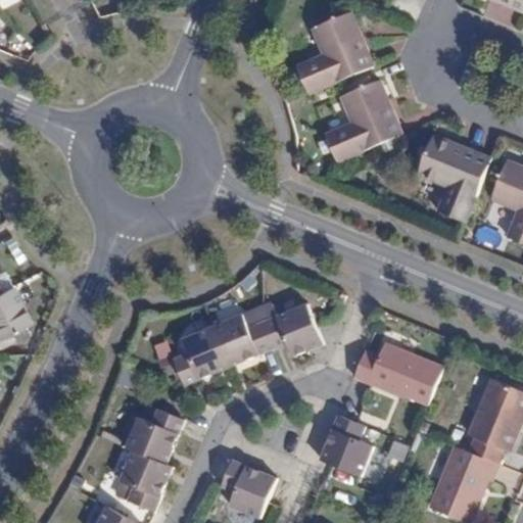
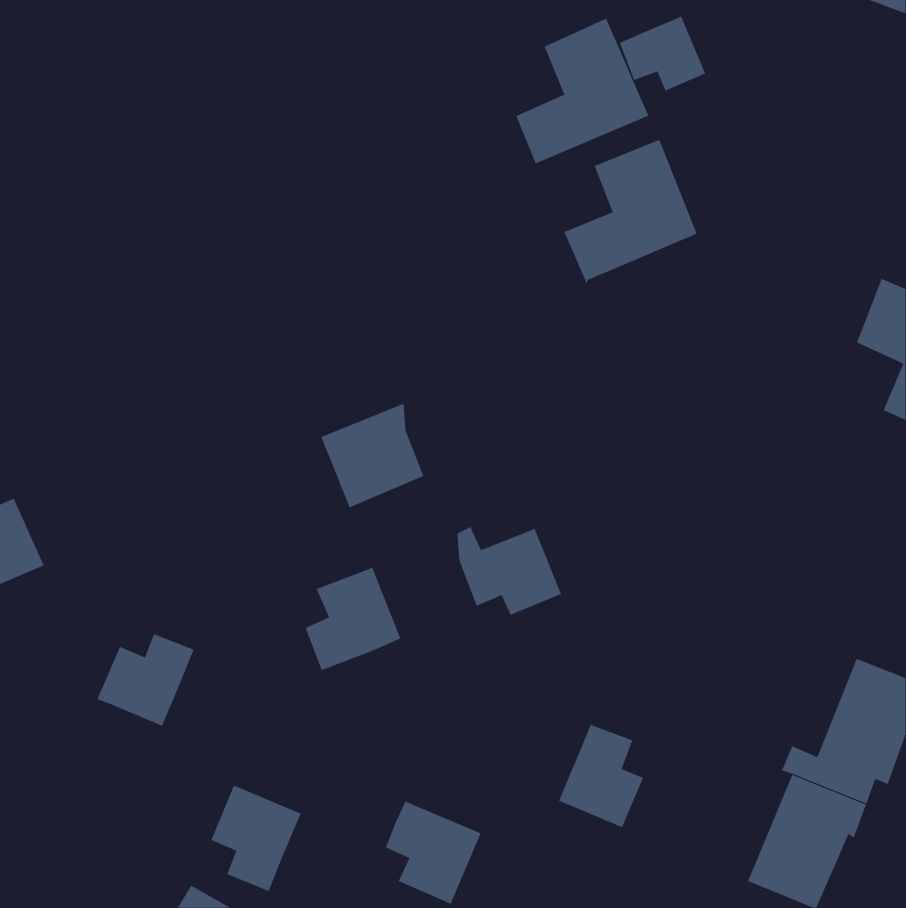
building: none -> [619,16,706,92]
building: [417,133,491,222] -> none
building: [213,305,273,366] -> [321,403,424,508]
building: [353,341,442,401] -> none
building: [128,410,184,463] -> [96,634,195,726]

